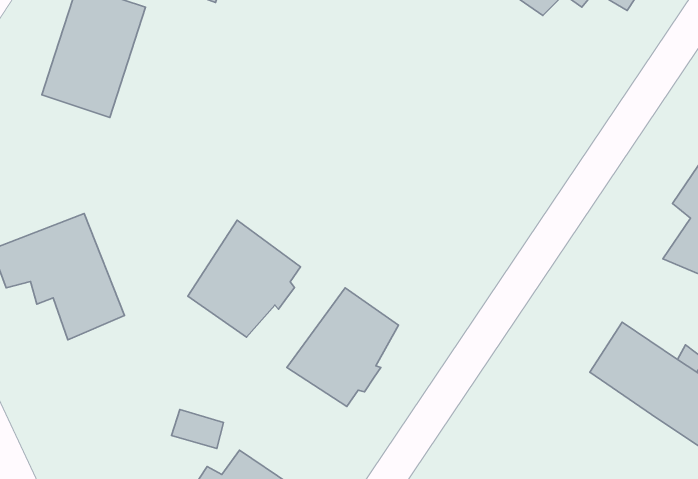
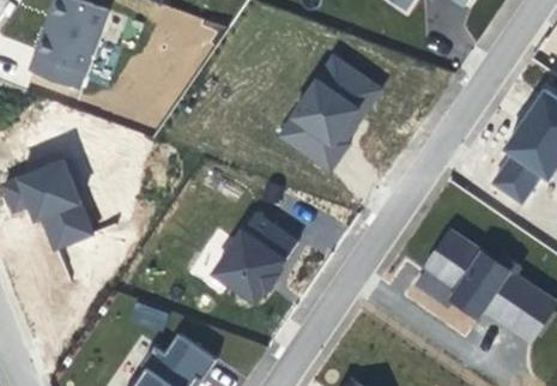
building: none -> [276,54,383,174]
building: [188,220,300,337] -> none
building: none -> [416,233,484,313]

